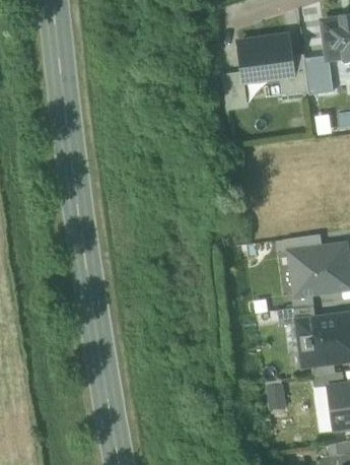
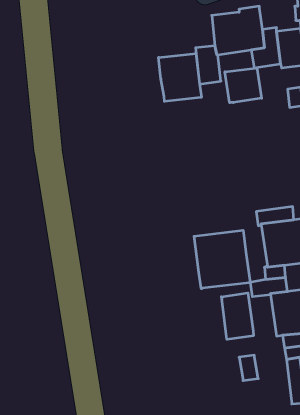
building: none -> [159,53,201,101]
building: none -> [225,68,262,103]
building: none -> [194,230,250,289]
building: none -> [221,293,253,339]

